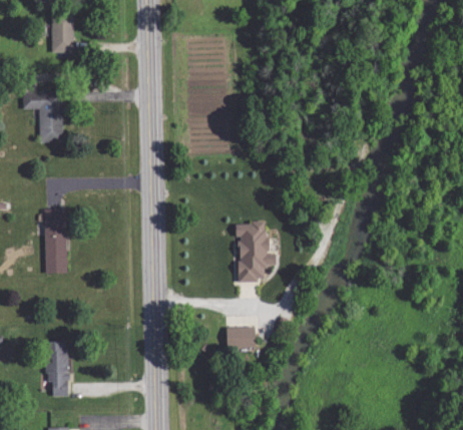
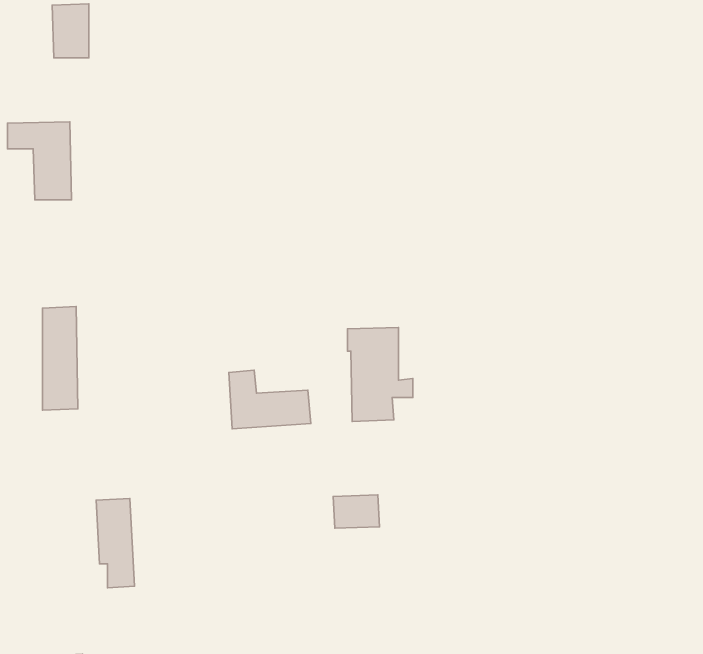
building: none -> [229,370,311,429]
building: [46,342,70,398] -> [96,499,135,588]

